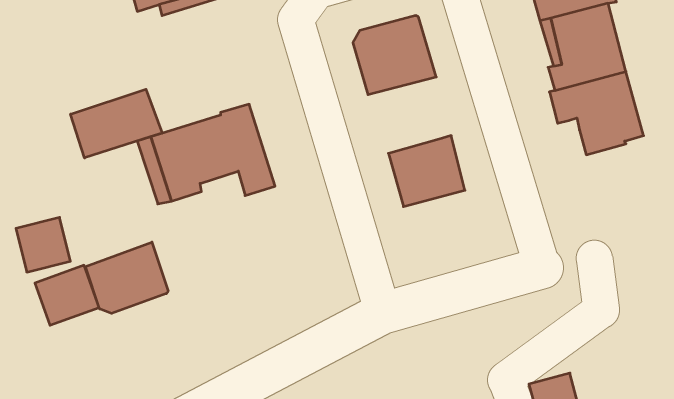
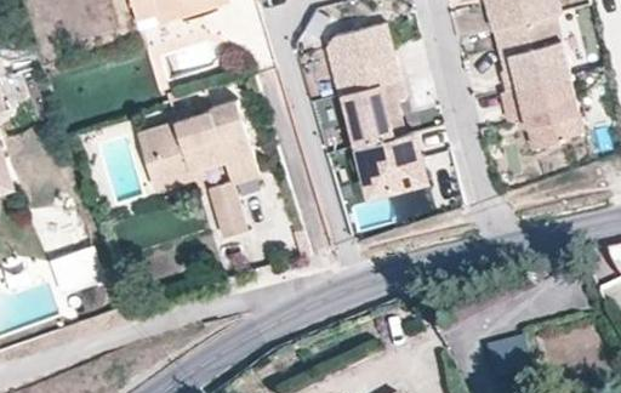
building: none -> [343,76,406,144]
building: [71,89,162,158] -> none
building: none -> [209,182,246,235]
building: [85,242,168,313] -> none

